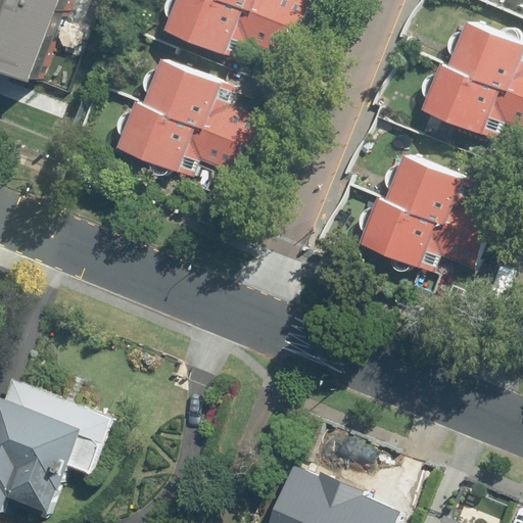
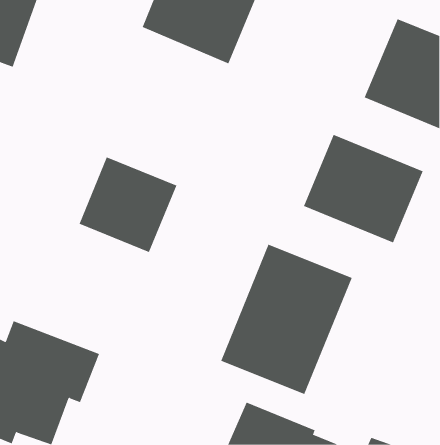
building: [124,56,260,188] -> none
building: none -> [79,156,177,253]
building: none -> [220,244,352,395]

